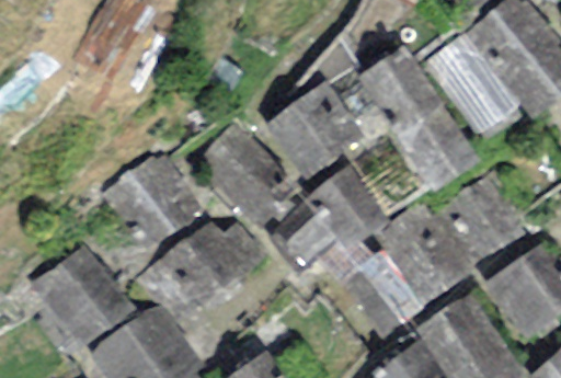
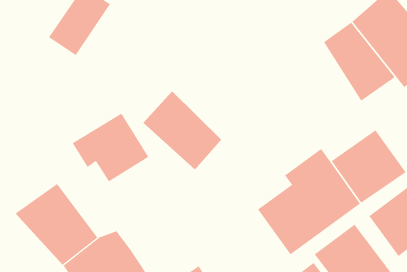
building: [334,45,478,192] -> none
building: [264,82,359,176] -> none
building: [267,165,387,271] -> none
building: [136,221,263,329] -> none

